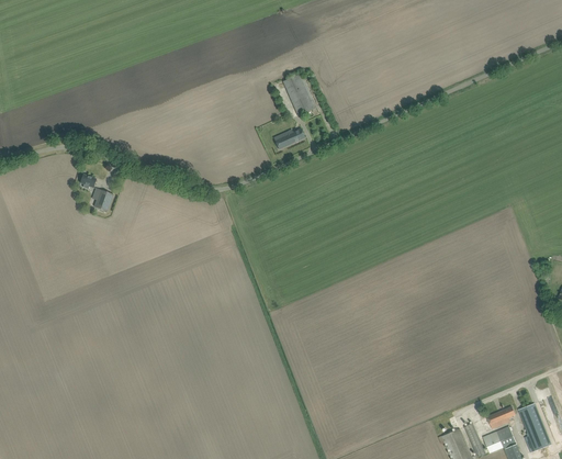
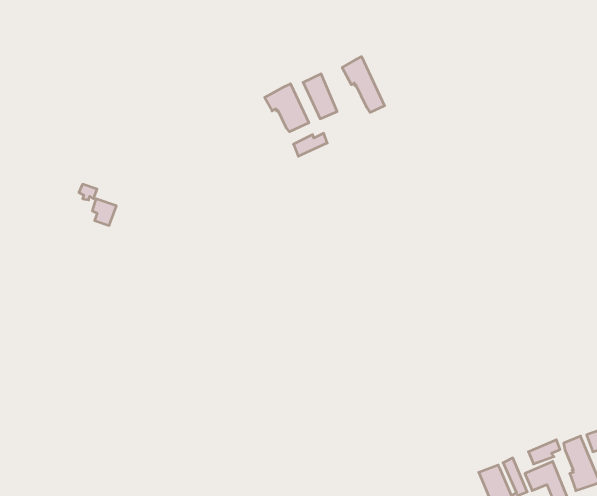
building: none -> [342,57,385,112]
building: none -> [265,84,309,132]

